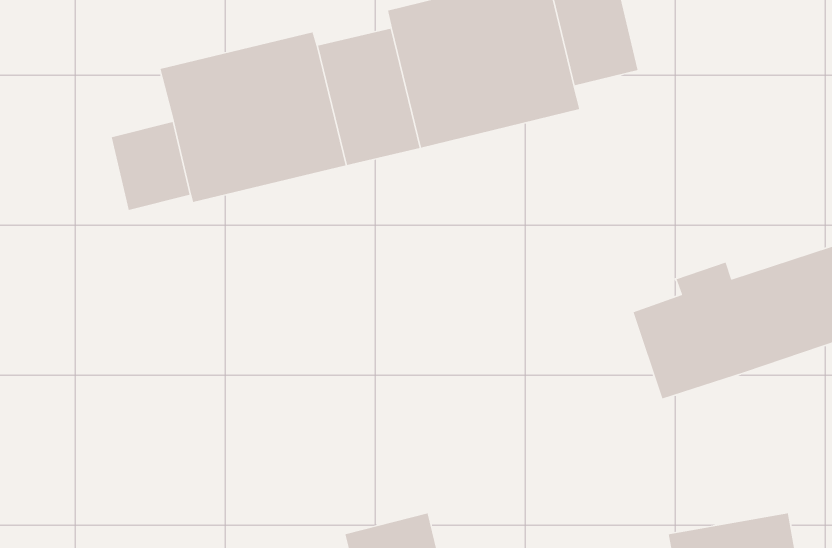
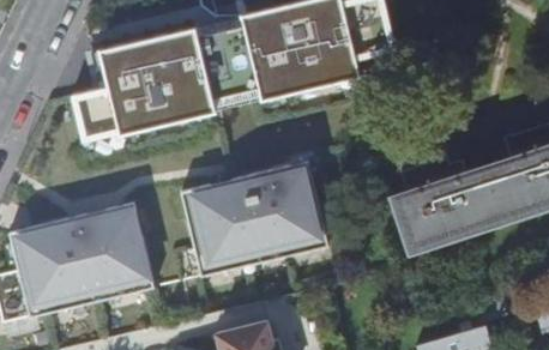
building: none -> [181,158,330,276]
building: none -> [11,205,157,315]

